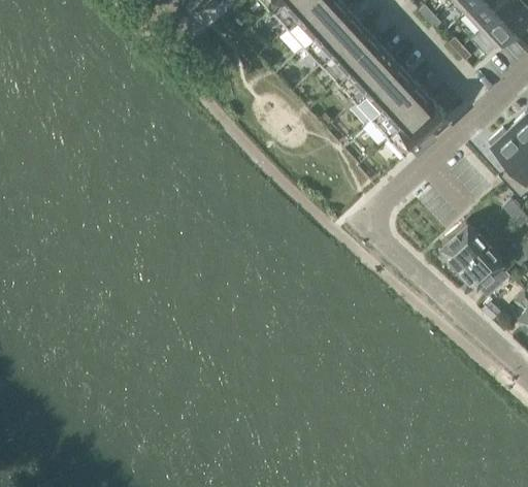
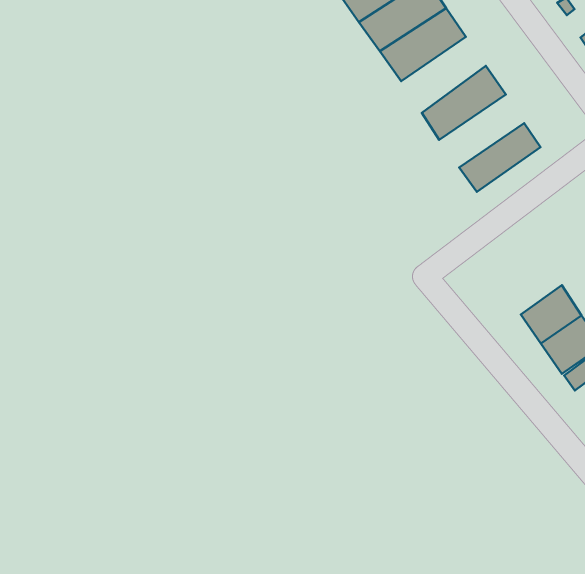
building: [332,40,394,101] -> none
building: [366,79,428,138] -> none

